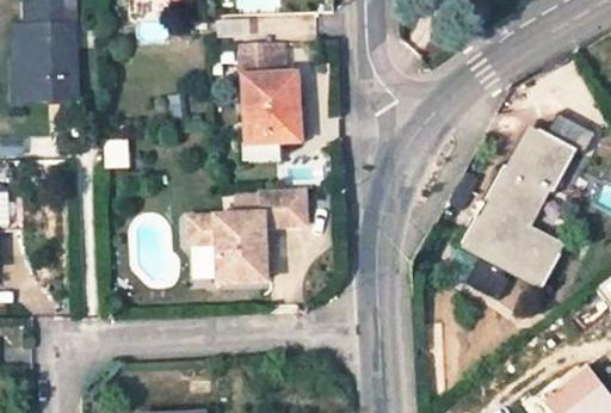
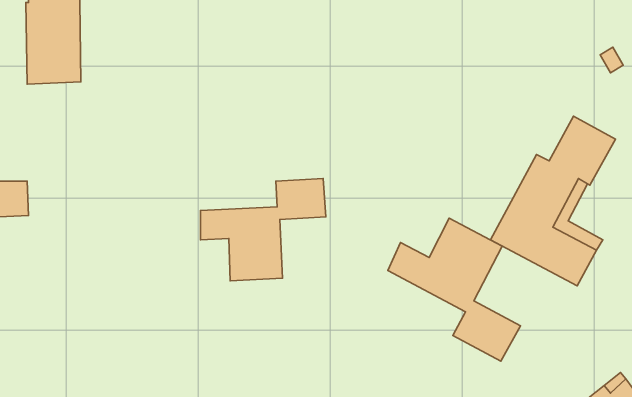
building: [240,42,296,143] -> none
building: none -> [388,218,520,361]

